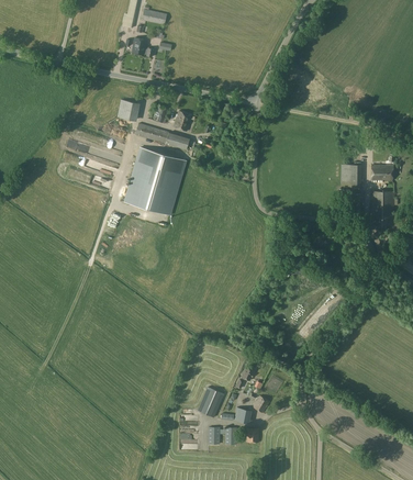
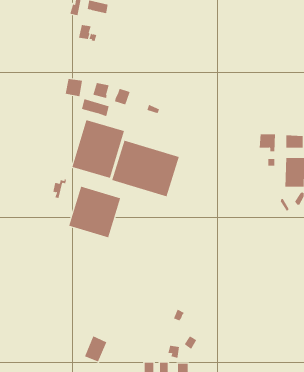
building: none -> [112,140,179,197]
building: none -> [68,186,121,238]
building: [198,386,224,416] -> [84,336,107,362]

